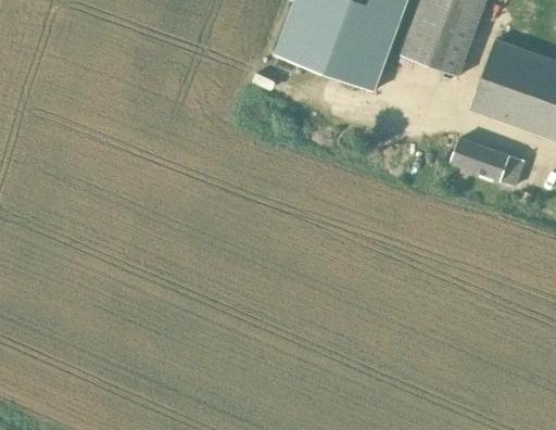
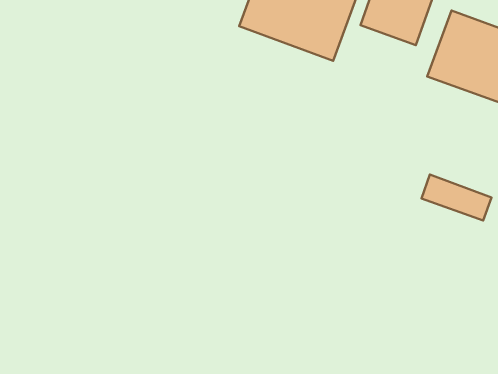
building: [452,138,525,186] -> [422,175,492,221]

